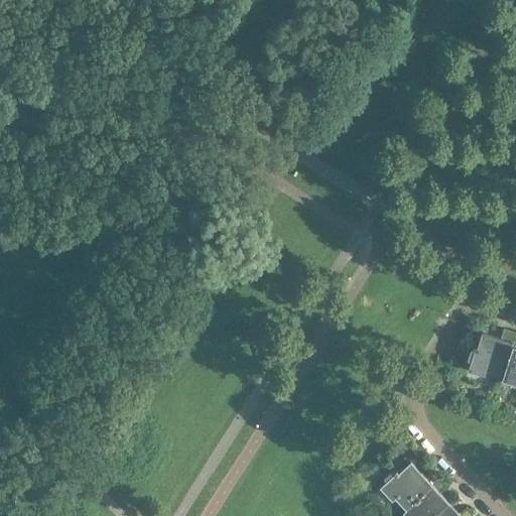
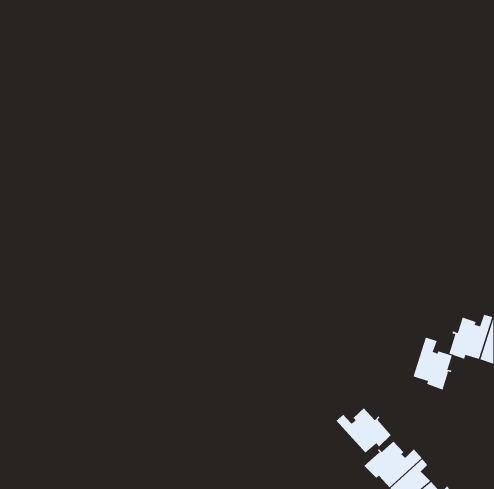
building: none -> [413,337,453,391]
building: none -> [336,407,392,454]

